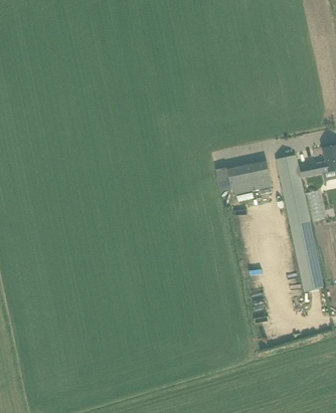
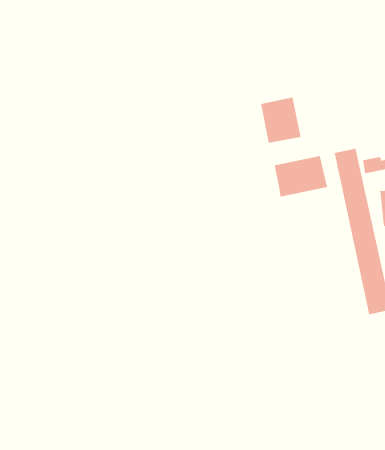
building: none -> [261,96,301,144]

